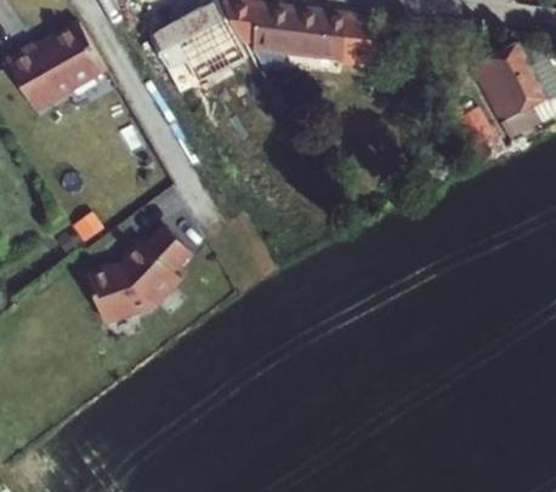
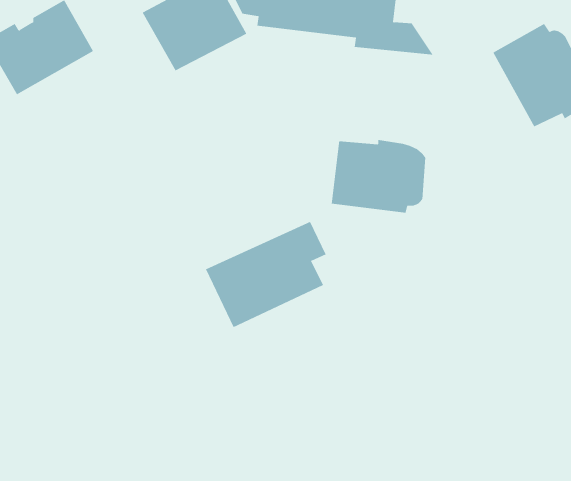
building: none -> [331,139,426,214]
building: [78,222,188,319] -> [205,221,327,328]

